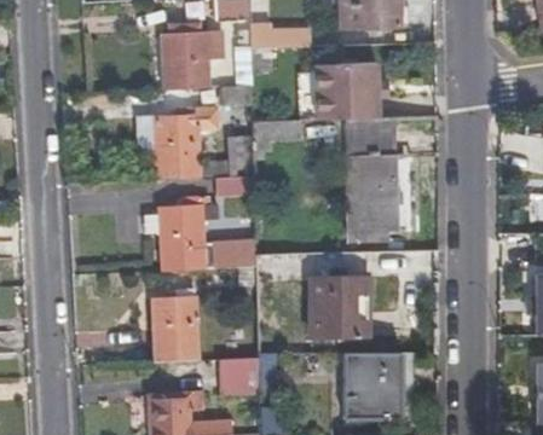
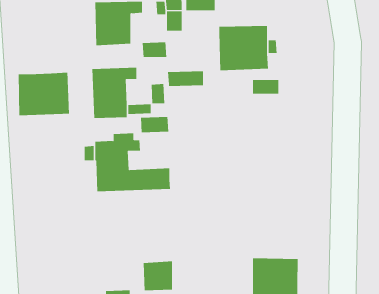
building: none -> [18,72,69,116]
building: [356,155,392,233] -> none
building: [310,274,365,337] -> none
building: [151,298,198,361] -> none

